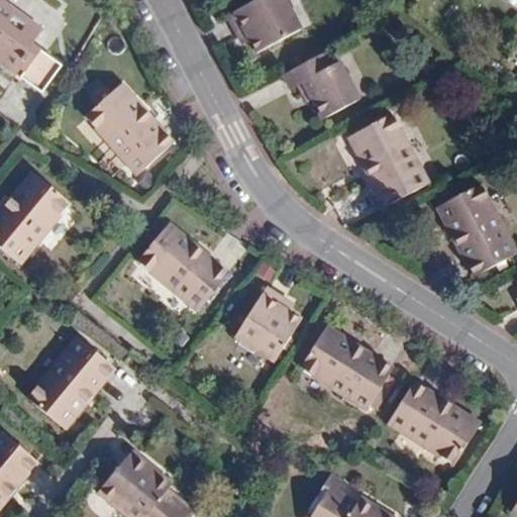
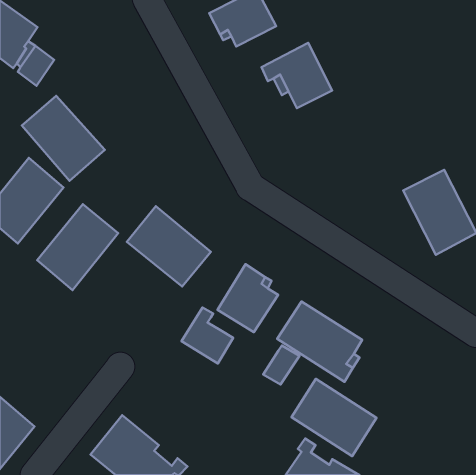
building: [84,83,174,175] -> [22,96,105,181]
building: [349,113,427,204] -> none
building: none -> [181,307,233,364]
building: [26,336,114,429] -> [37,204,118,290]
building: none -> [263,346,299,385]
building: [388,381,480,464] -> [292,379,377,456]

